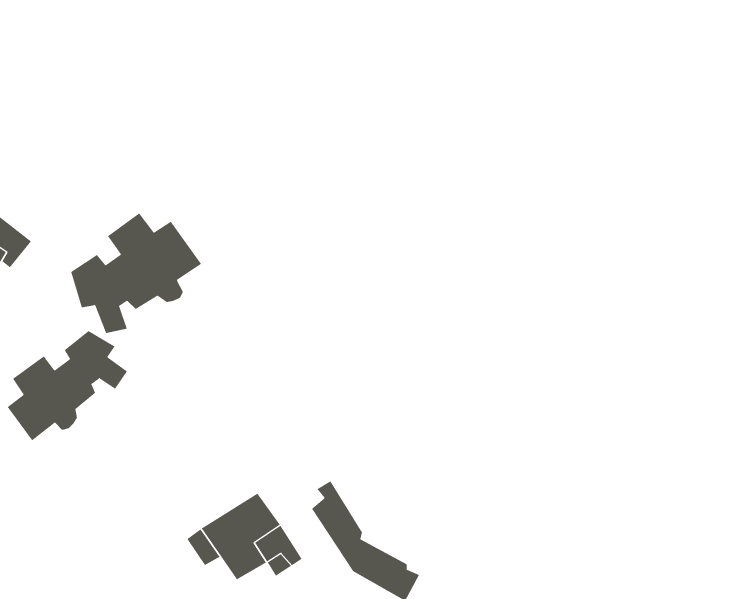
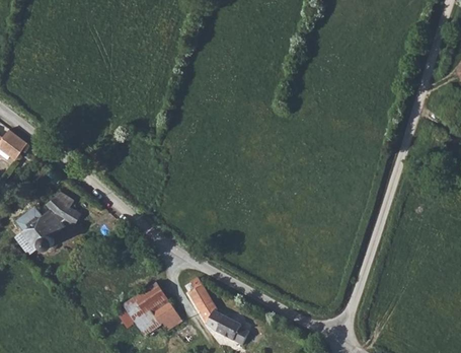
building: [70,213,202,334] -> none

